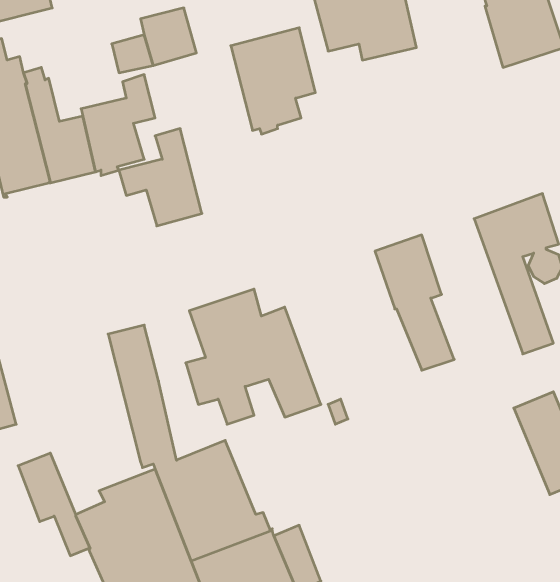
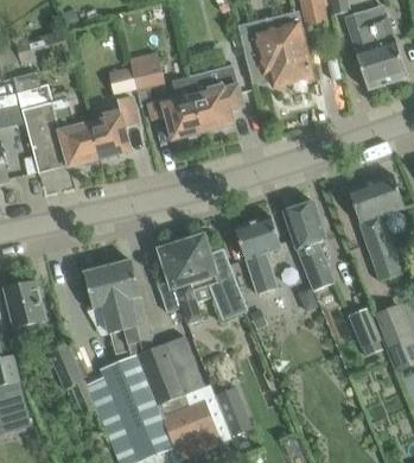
building: [119,129,202,226] -> [147,75,202,139]
building: none -> [234,214,281,291]
building: none -> [83,265,128,351]
building: none -> [349,307,381,354]

